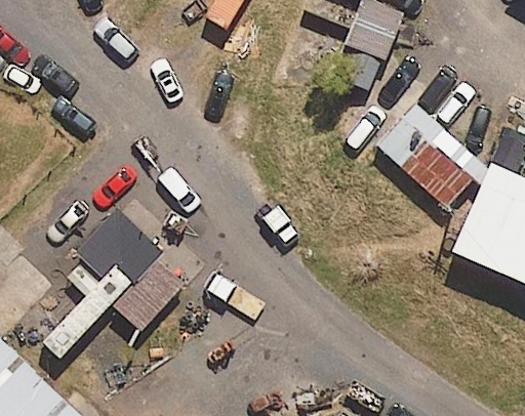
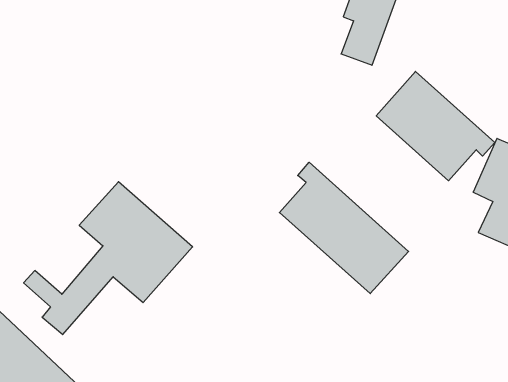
building: none -> [279,162,409,294]

